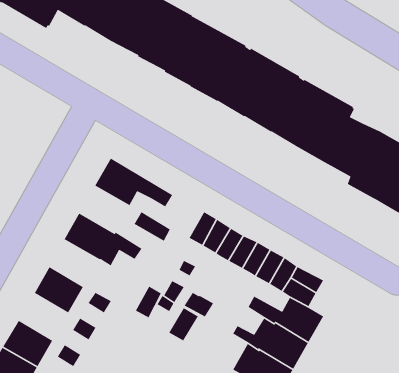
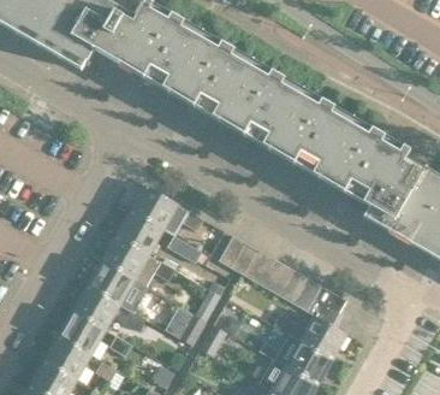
building: none -> [115,211,163,255]
building: none -> [88,261,135,306]
building: none -> [59,312,106,356]

